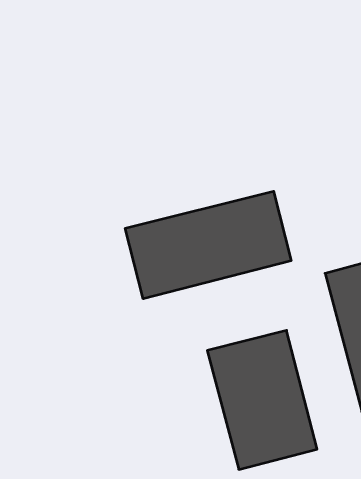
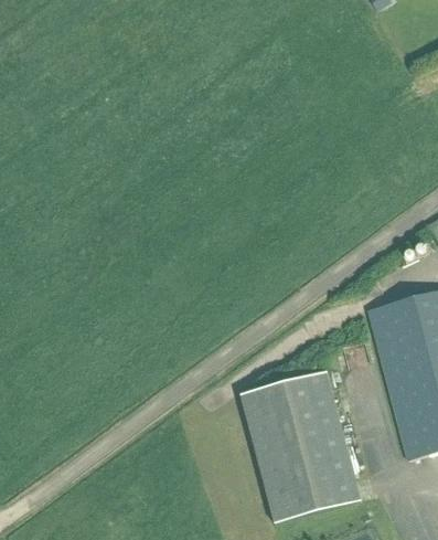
building: [125,191,291,299] -> none

